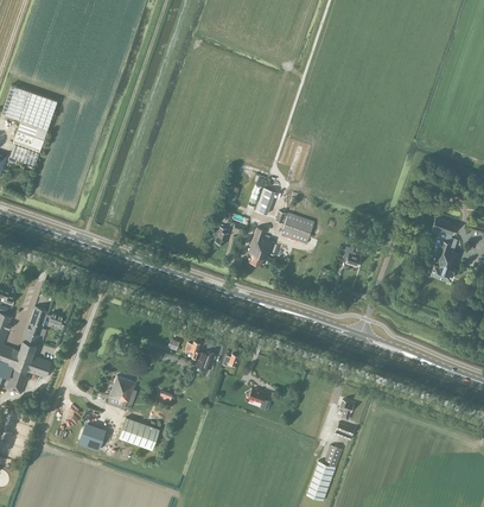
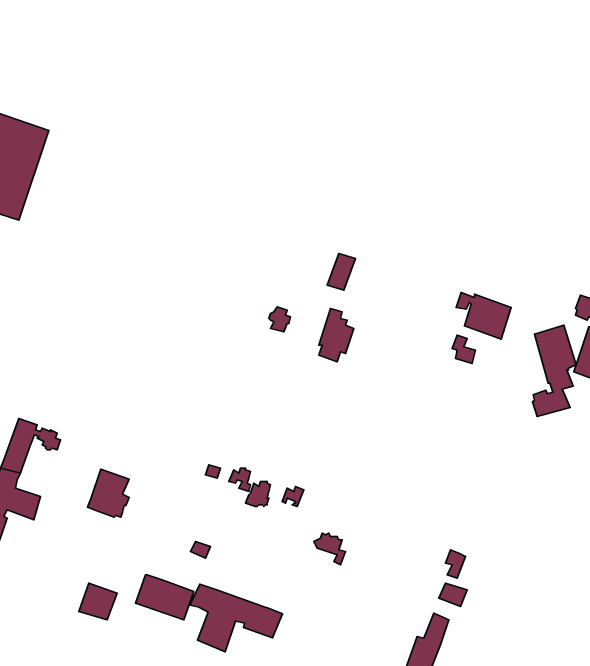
building: [275,210,314,243] -> [456,293,511,339]
building: none -> [533,325,576,416]
building: [107,375,136,410] -> [88,469,129,517]
building: none -> [190,584,282,652]

